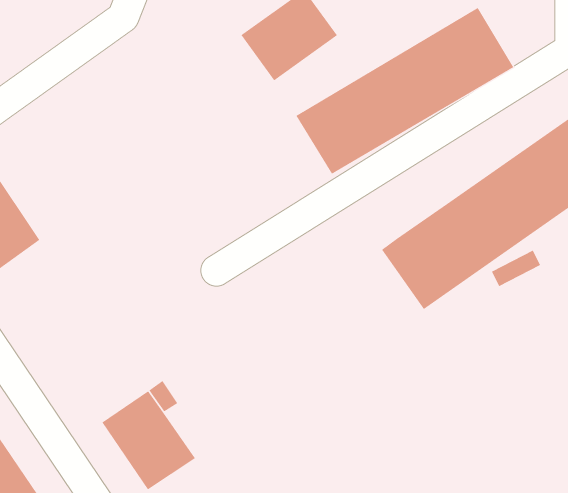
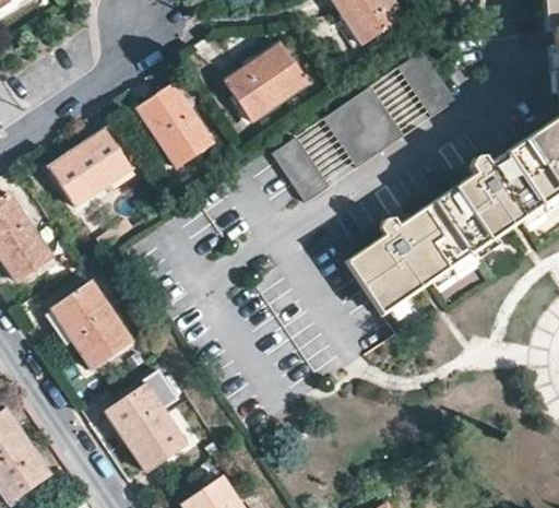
building: none -> [138,83,212,166]
building: none -> [48,129,134,205]
building: none -> [50,281,132,370]

